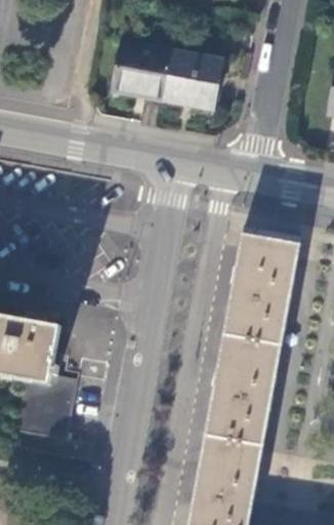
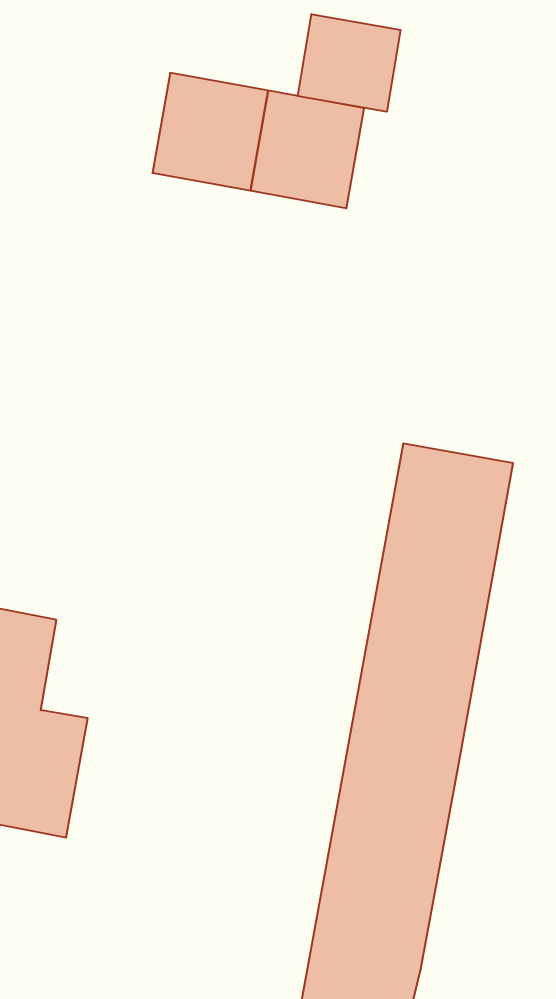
building: none -> [298,14,401,112]

